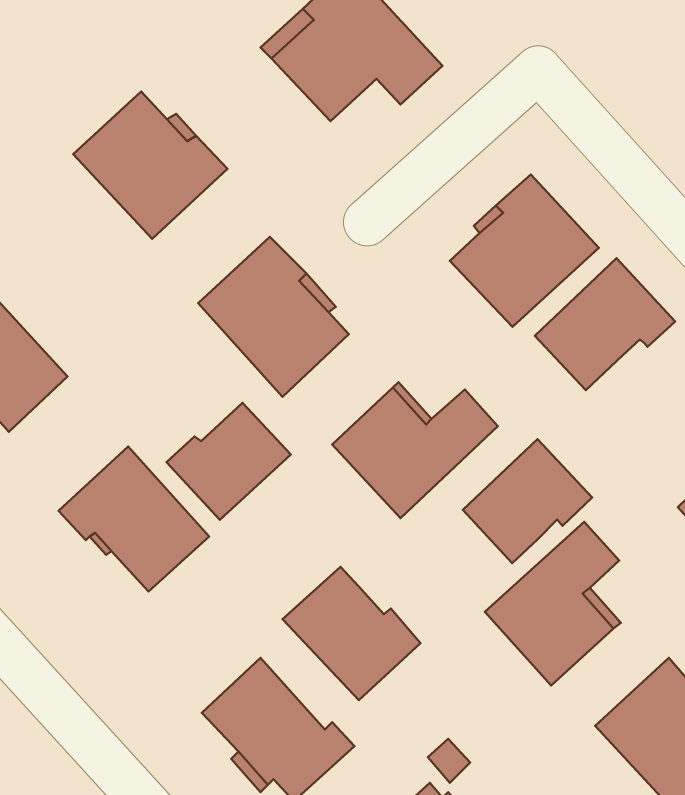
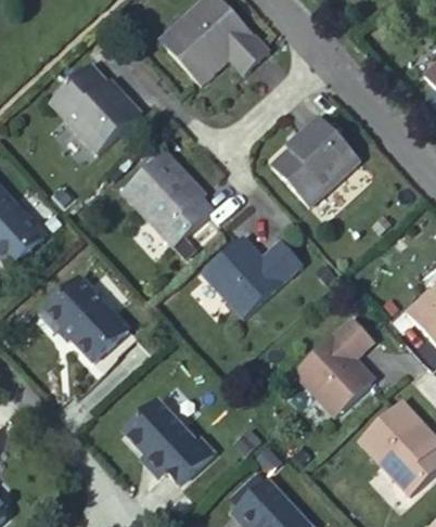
building: [535,258,675,390] -> none
building: [166,403,291,520] -> none
building: [463,439,592,563] -> none
building: [282,567,420,700] -> none

